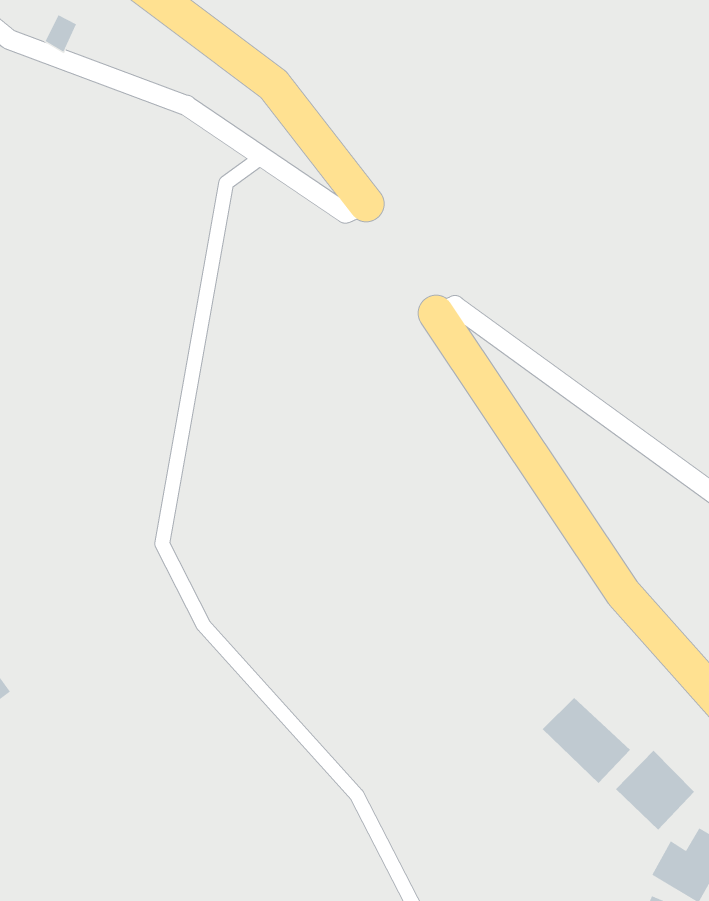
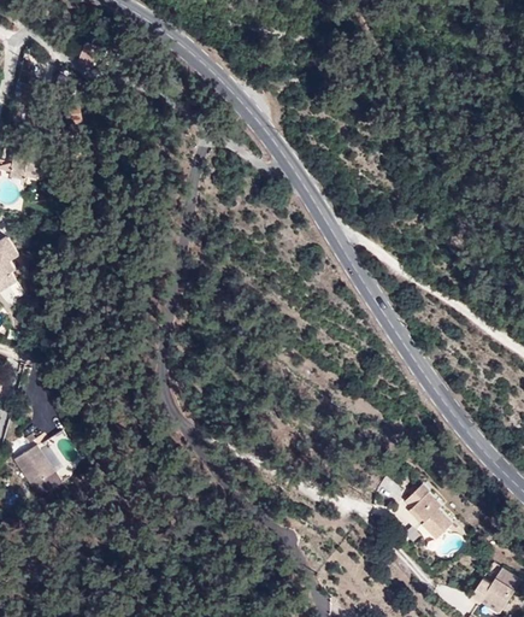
building: [615,750,695,831] -> none

